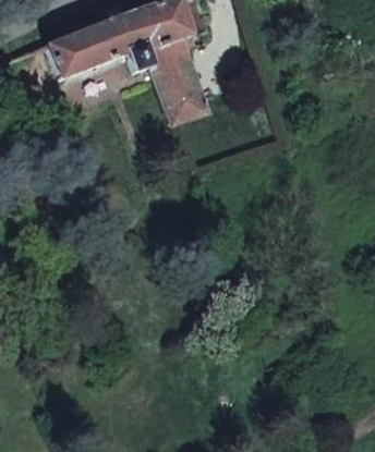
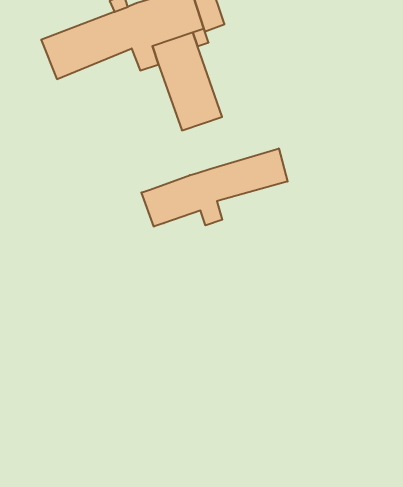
building: none -> [141,148,288,227]

